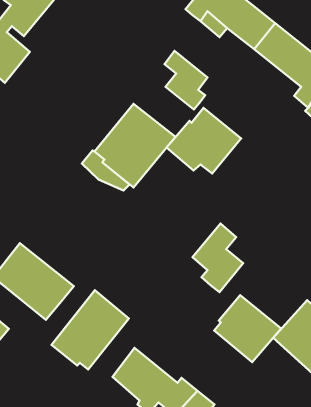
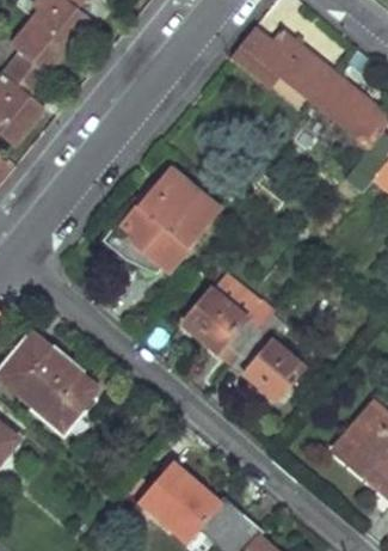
building: [165,51,207,109] -> none
building: [166,108,241,173] -> [183,274,272,353]
building: [52,290,129,369] -> none
building: [214,295,281,362] -> none

